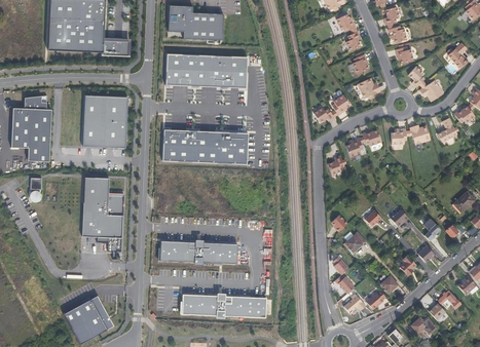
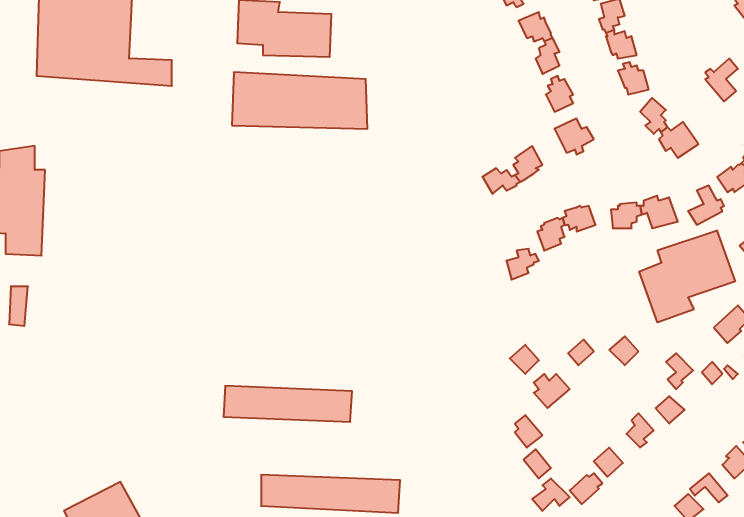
building: [81,100,126,147] -> none
building: [158,134,242,168] -> none
building: none -> [639,230,735,322]
building: [82,177,130,235] -> none

